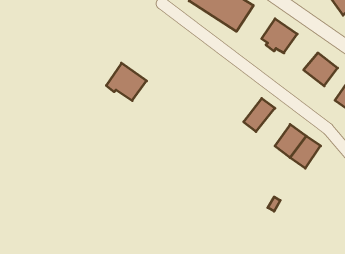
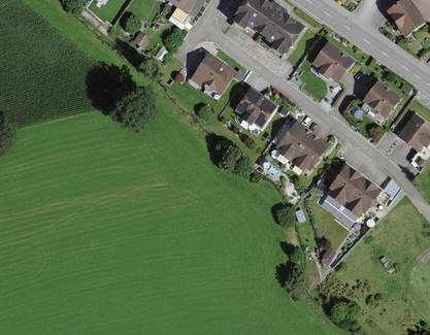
building: none -> [235,88,275,127]
building: [106,63,147,101] -> [190,51,236,94]
building: none -> [274,120,312,160]

